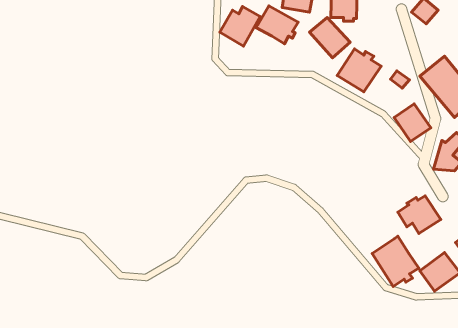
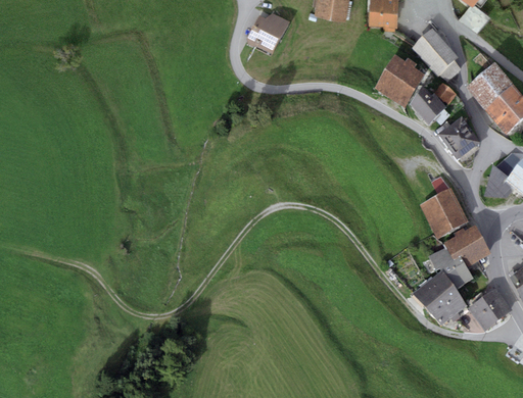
building: [256,6,298,44] -> none
building: [310,17,350,58] -> [413,33,458,78]
building: none -> [409,93,446,128]
building: none -> [419,185,469,236]
building: none -> [429,244,474,287]

